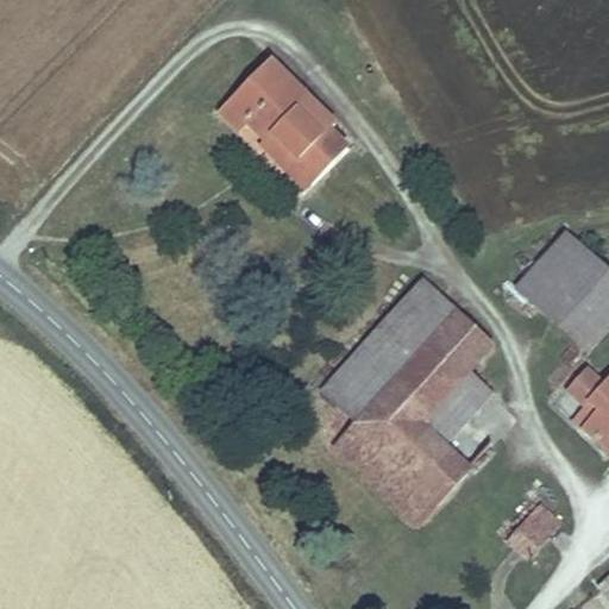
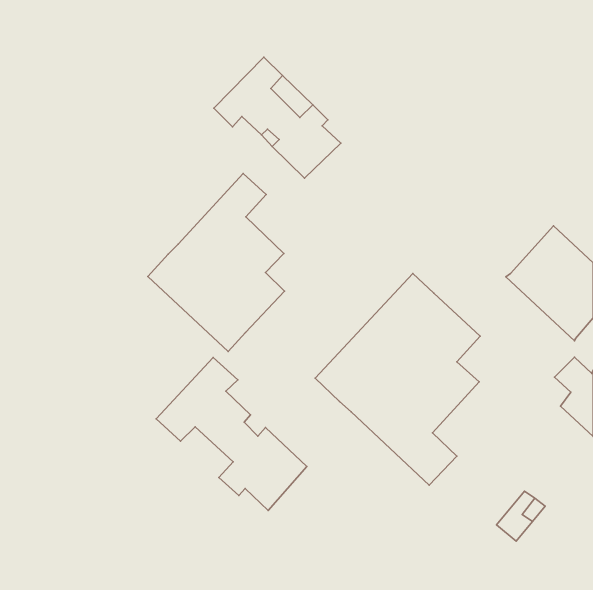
building: none -> [148,174,285,352]
building: none -> [156,358,307,511]
building: [337,421,439,519] -> none

